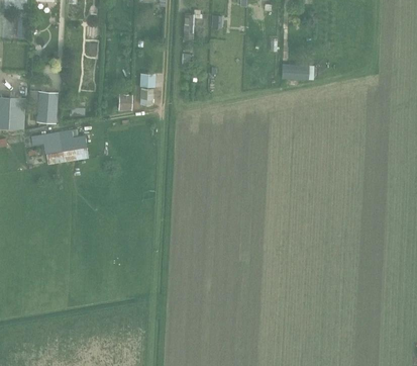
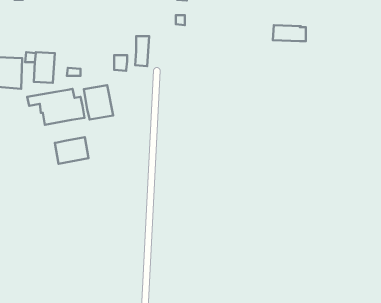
building: none -> [84,85,113,120]
building: none -> [55,137,89,164]

